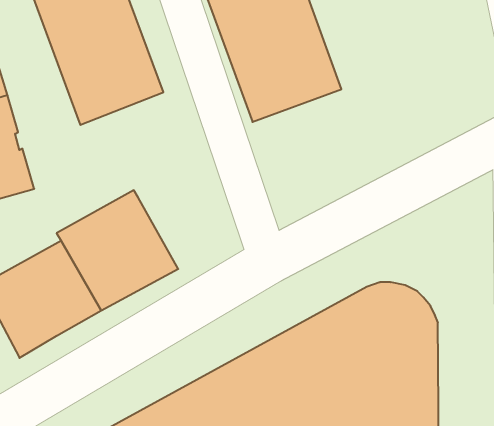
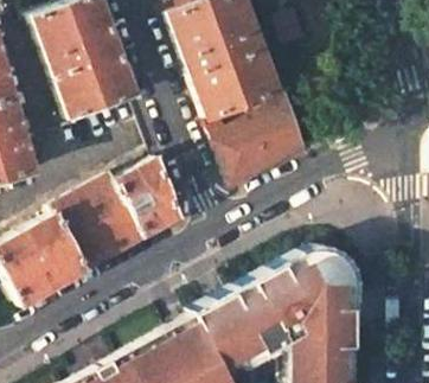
building: none -> [216,101,308,190]
building: none -> [116,158,181,237]

